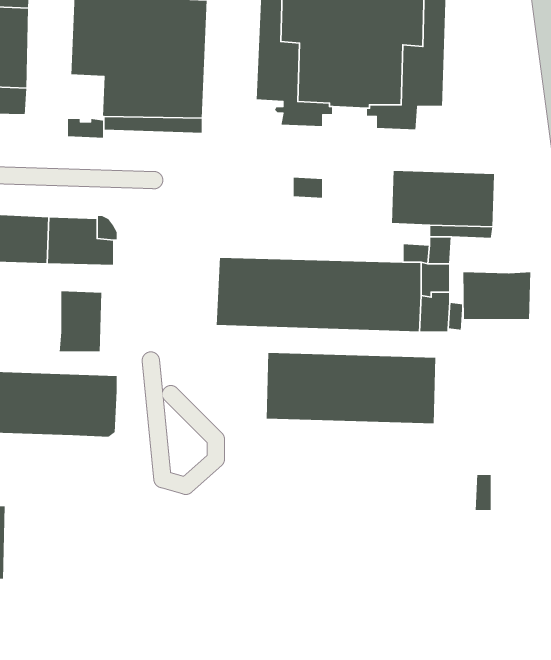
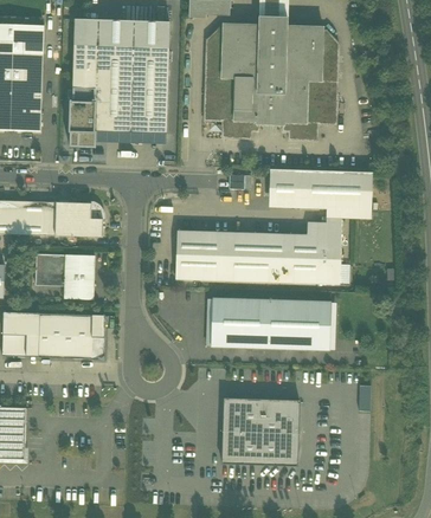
building: none -> [69,102,95,135]
building: none -> [268,169,300,207]
building: [463,271,531,320] -> none
building: none -> [34,253,64,284]
building: none -> [221,397,298,465]

